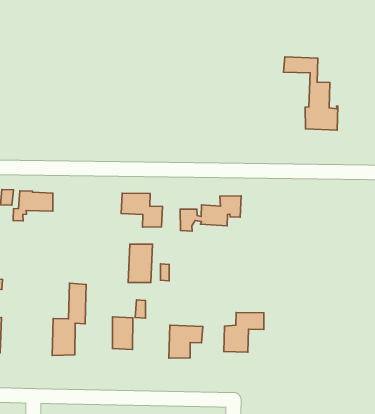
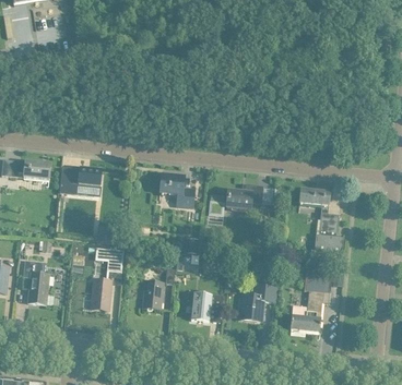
building: [283,57,338,130] -> [298,189,343,255]
building: [128,244,153,282] -> none
building: none -> [289,269,331,332]

